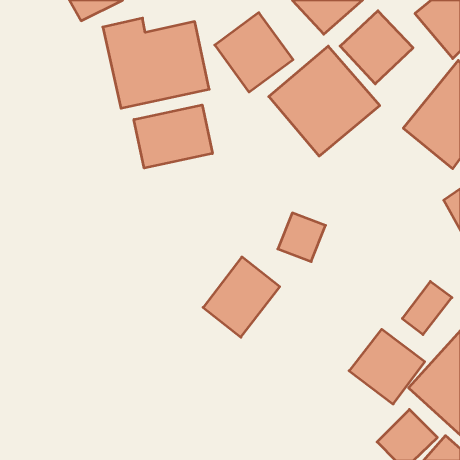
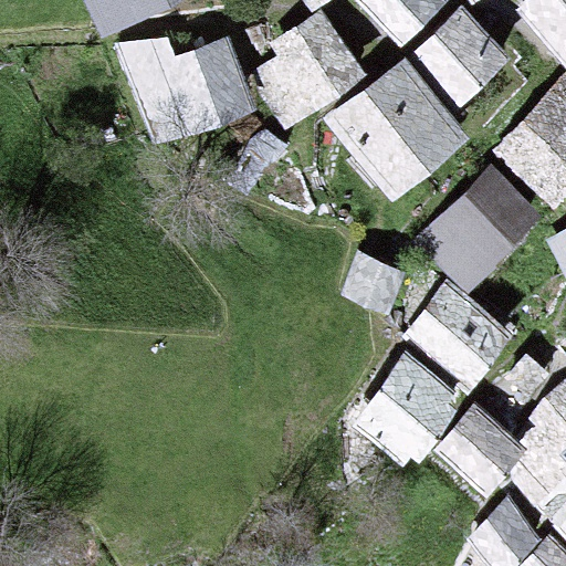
building: [134,105,212,168] -> none
building: none -> [419,171,536,289]
building: none -> [411,291,506,384]
building: [203,257,280,337] -> [358,361,452,460]

